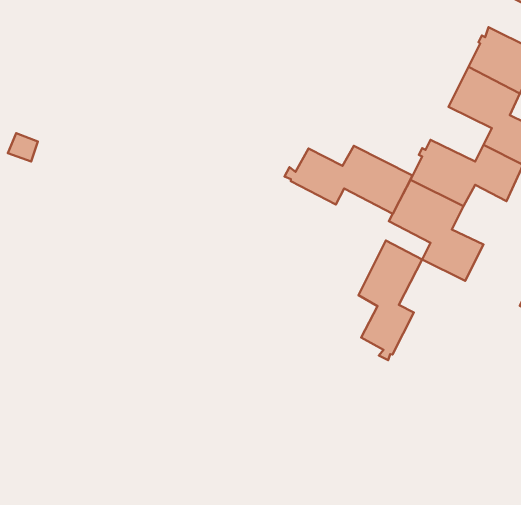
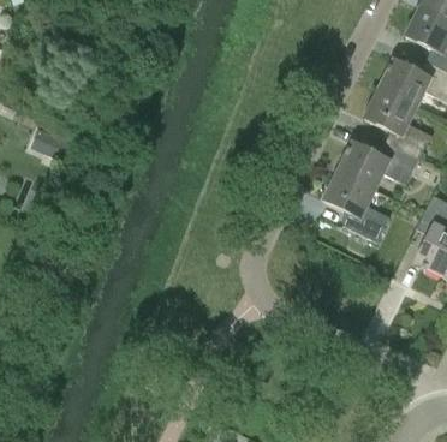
building: [285,146,413,214] -> none
building: [358,241,422,360] -> none

